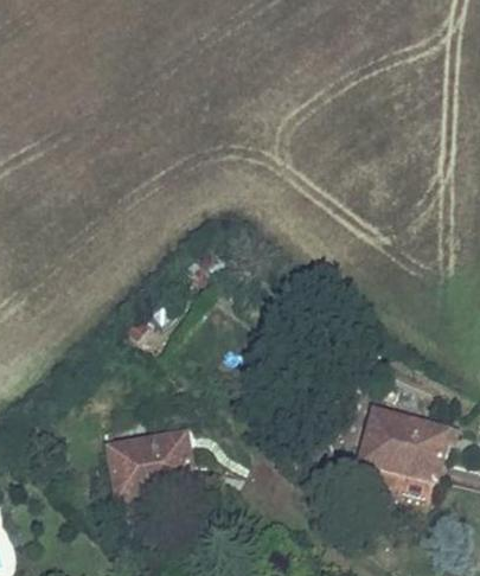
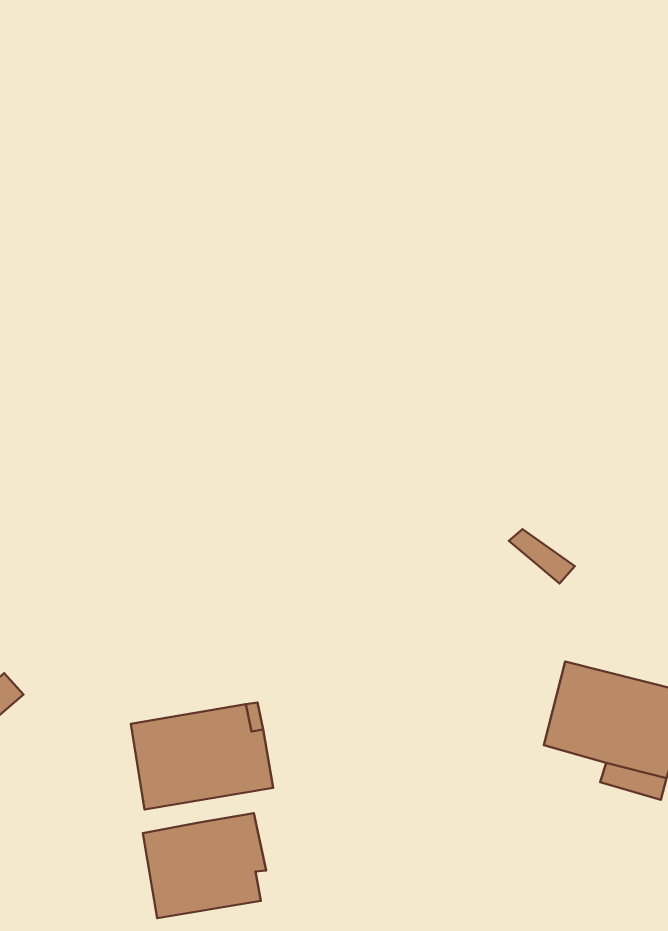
building: none -> [143,813,266,918]

